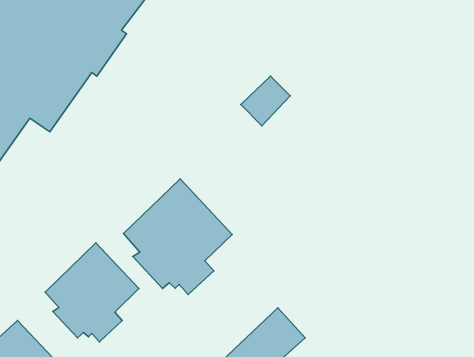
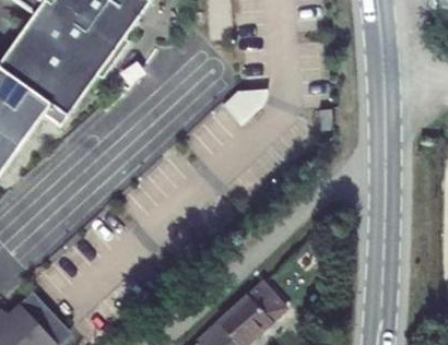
building: [123,179,232,295] -> none
building: [45,243,139,342] -> none

